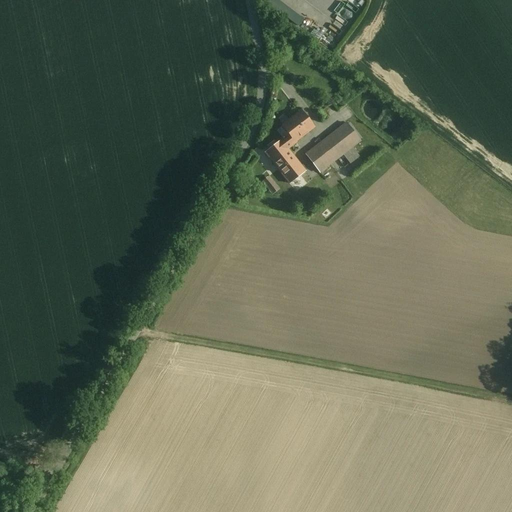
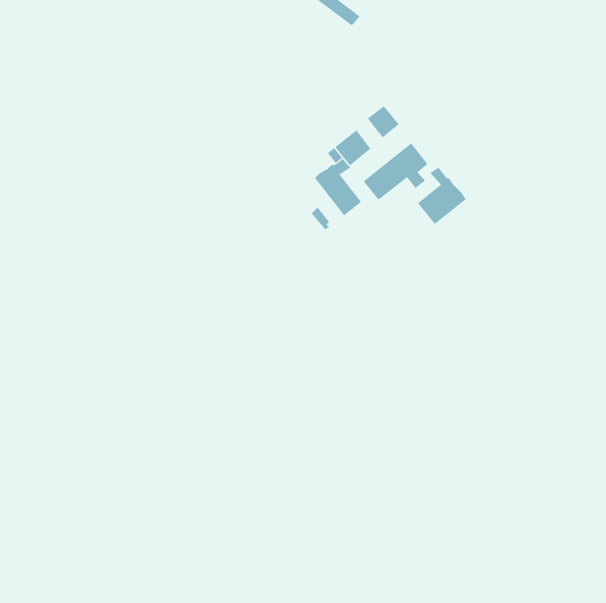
building: none -> [367,106,400,138]
building: none -> [417,167,466,225]

